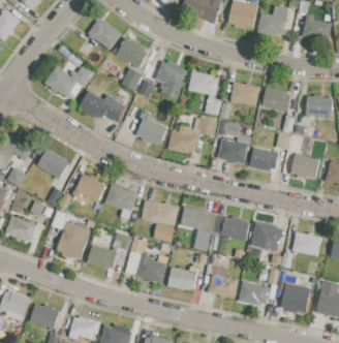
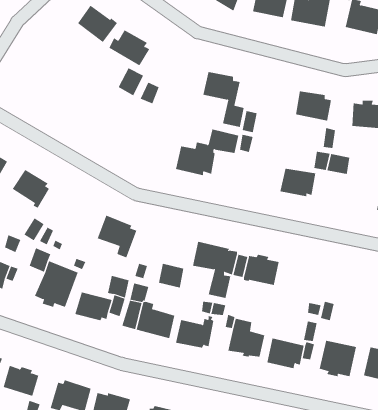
building: [155,61,187,99] -> none
building: [44,67,90,97] -> none
building: [228,82,259,106] -> none
building: [79,92,125,122] -> none
building: [136,111,166,144] -> none
building: [218,137,248,163] -> none
building: [290,155,318,179] -> none
building: [72,174,105,202] -> none
building: [143,200,179,225] -> none
building: [250,220,280,251] -> none
building: [290,231,322,256] -> none

